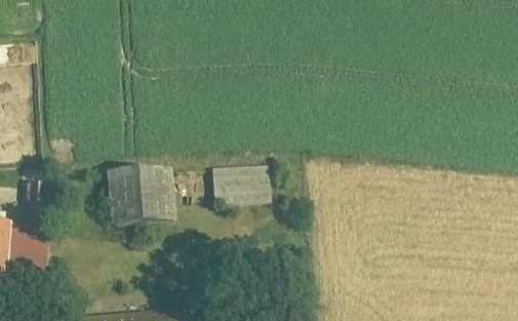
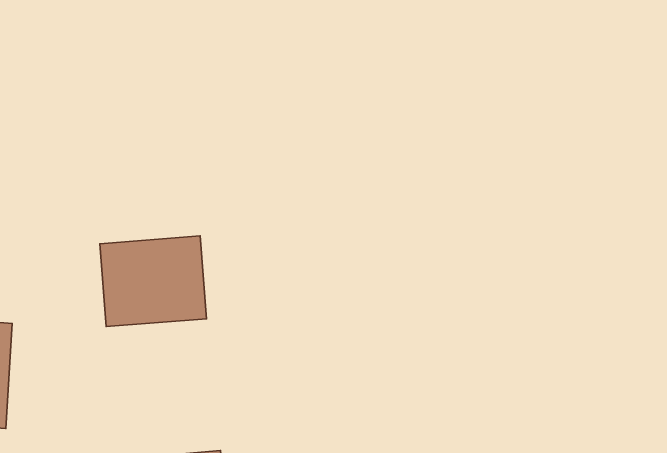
building: [211,163,272,206] -> none

